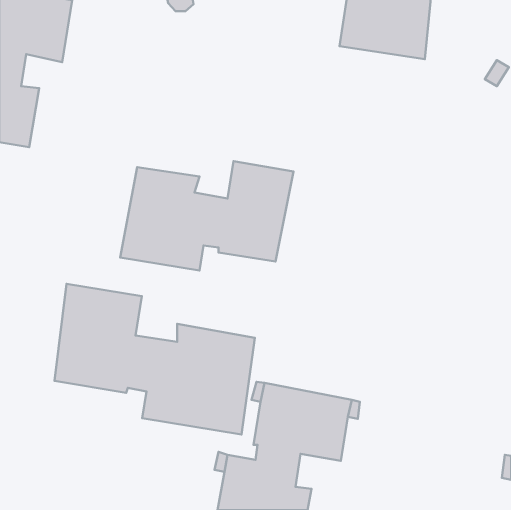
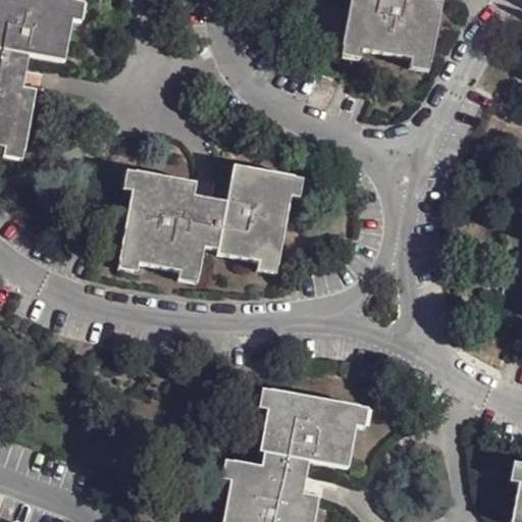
building: [54,284,255,435] -> none

